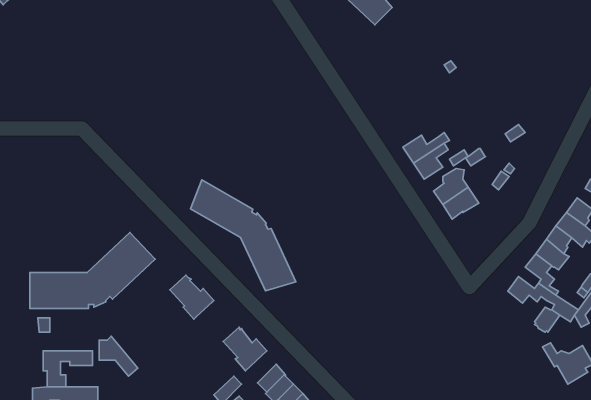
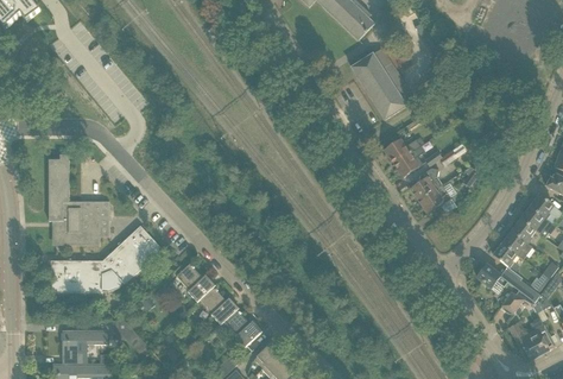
building: none -> [352,49,415,120]
building: none -> [49,154,109,246]
building: [190,180,296,291] -> none
building: none -> [200,288,239,326]

